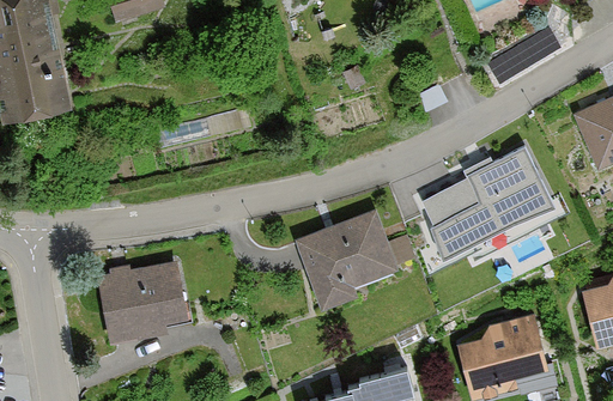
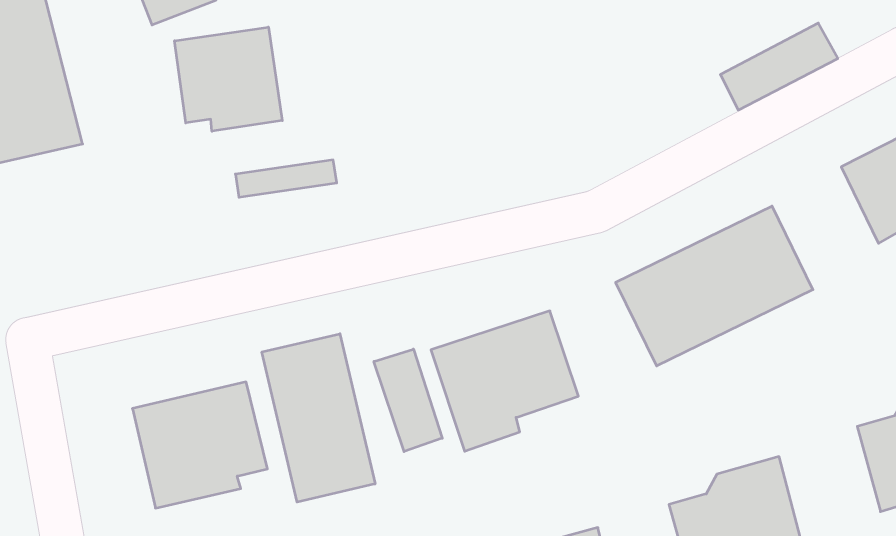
building: none -> [175,27,282,131]
building: none -> [262,334,375,502]
building: none -> [374,349,442,452]

